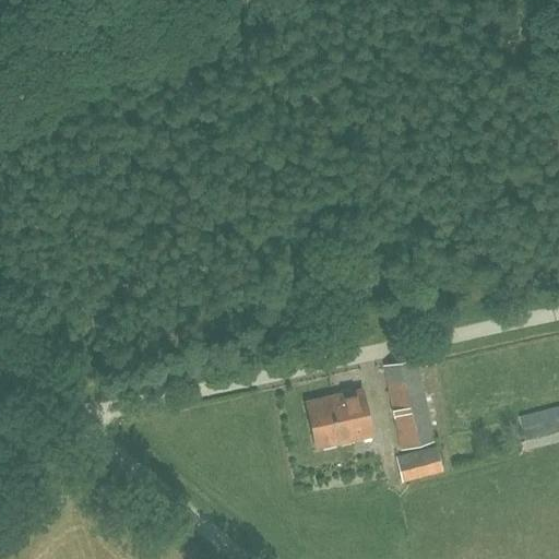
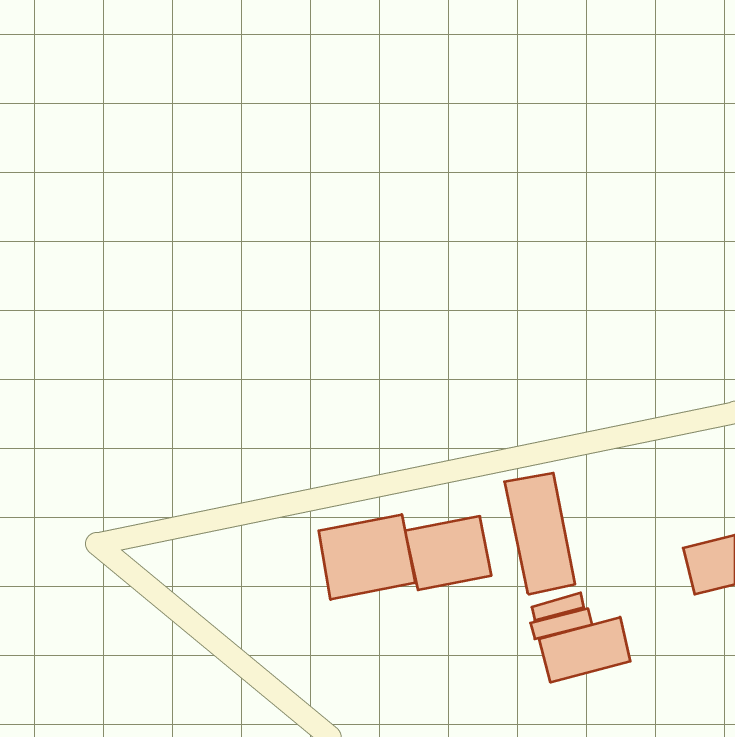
building: none -> [319,514,415,600]
building: none -> [539,617,630,682]

